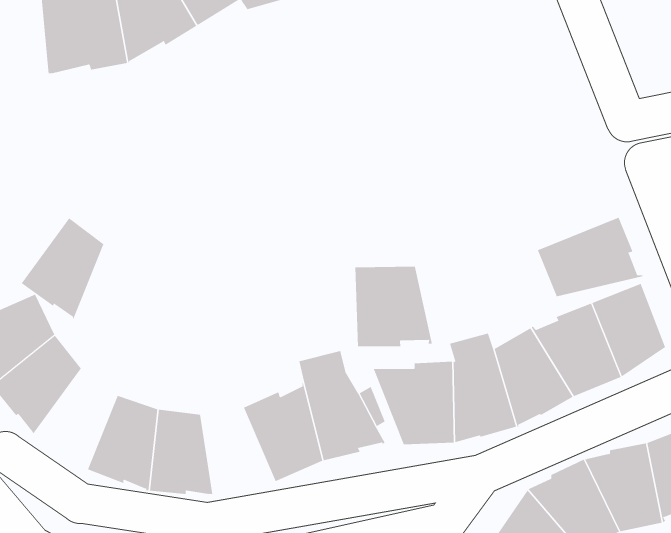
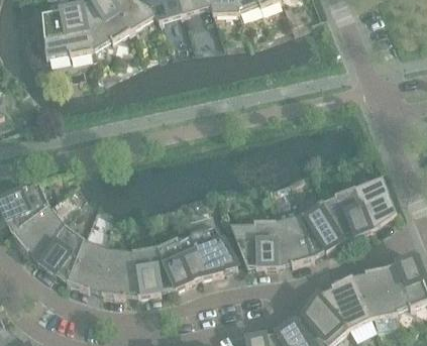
building: [537,217,643,297] -> none
building: [21,218,104,319] -> [37,224,85,281]
building: [355,266,433,347] -> none
building: none -> [132,246,175,296]

